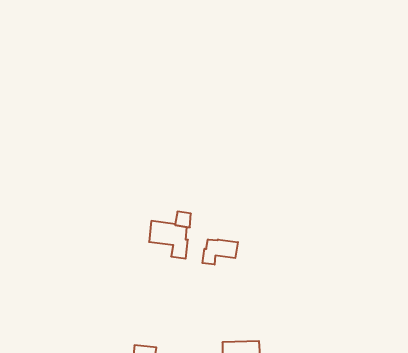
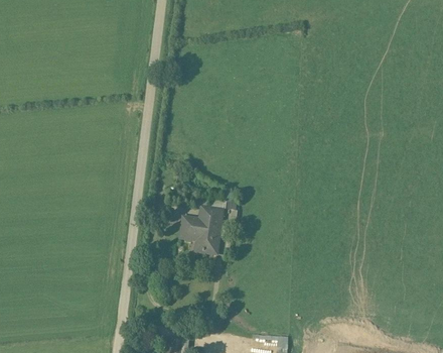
building: [202,239,238,265] -> none

